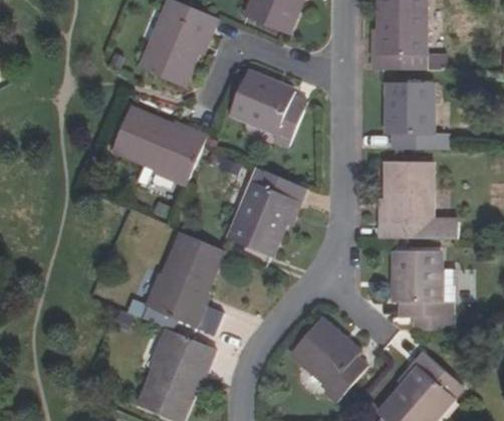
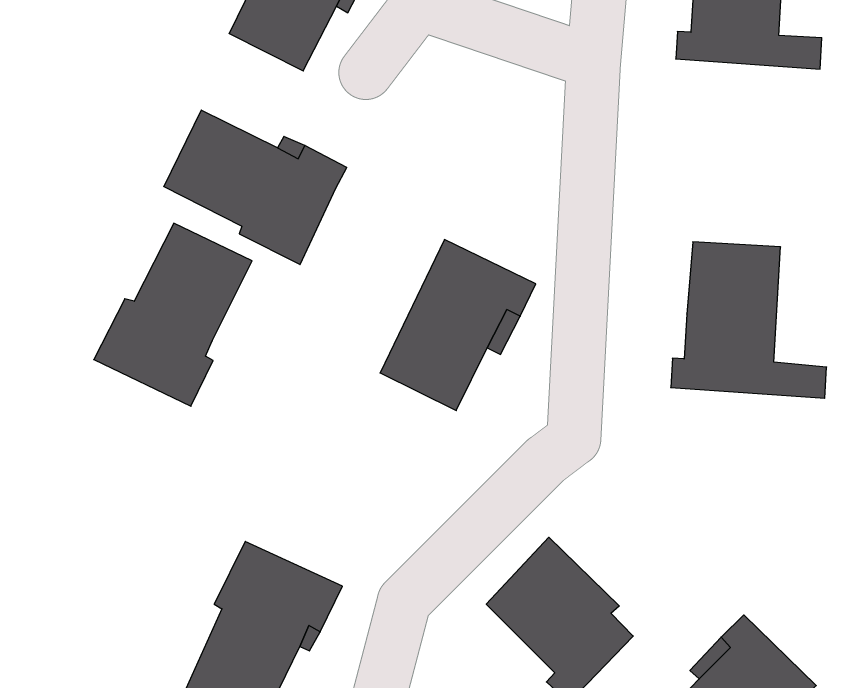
building: [229,71,306,147] -> none
building: [386,82,448,149] -> none
building: [145,233,223,327] -> [94,223,252,406]
building: [394,250,454,331] -> none

